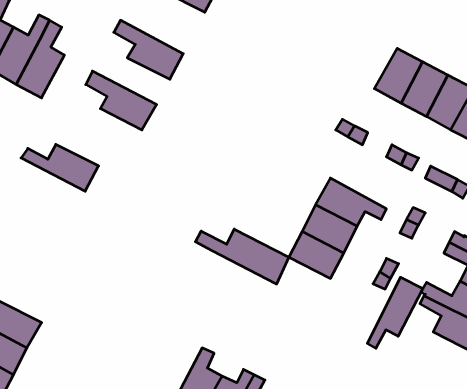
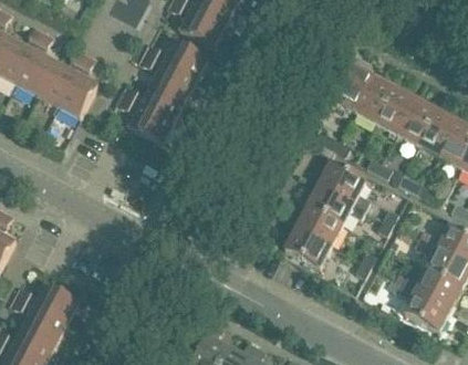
building: none -> [145,42,208,82]
building: none -> [333,65,374,111]
building: [21,144,99,191] -> [122,85,186,124]
building: none -> [319,164,370,210]
building: [195,229,289,284] -> none
building: [367,277,423,348] -> none

